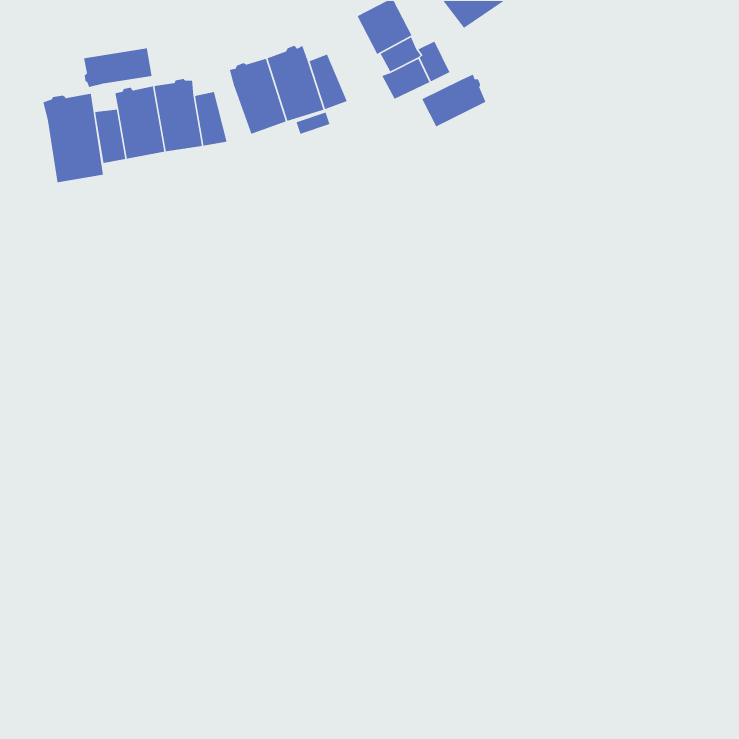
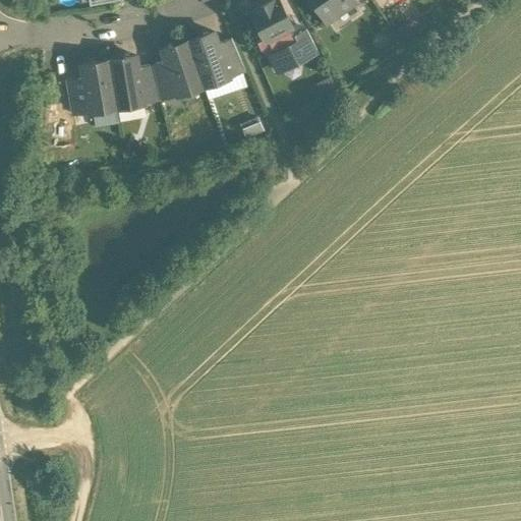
building: [83,48,153,88] -> none
building: [421,74,487,128] -> none
building: none -> [152,61,177,101]
building: [43,93,104,183] -> none

